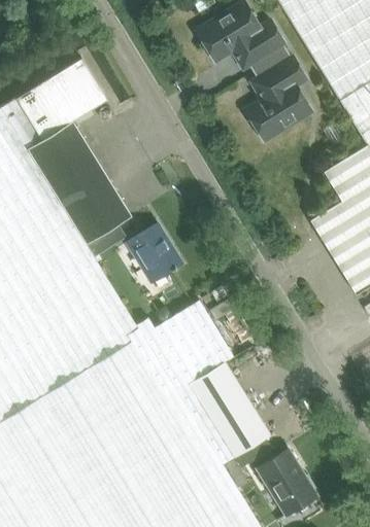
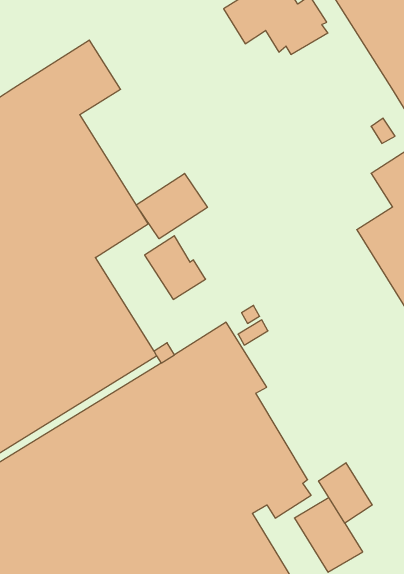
building: [244,51,312,140] -> none
building: none -> [136,173,207,239]
building: none -> [319,463,372,523]

